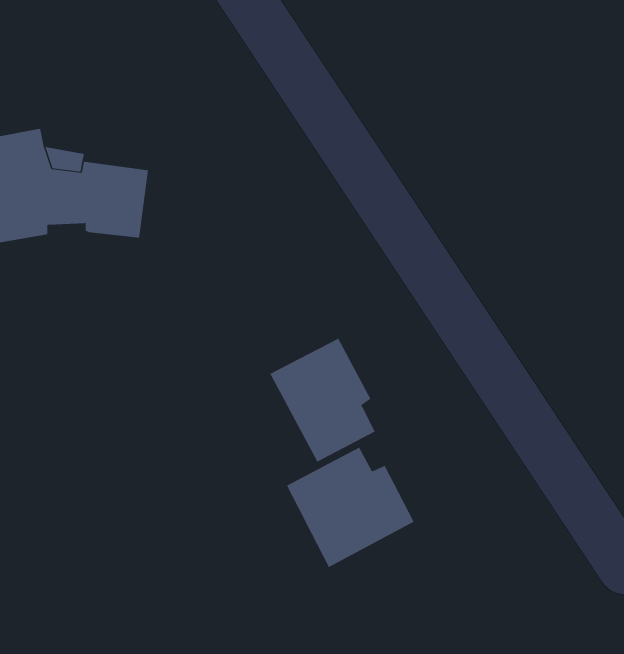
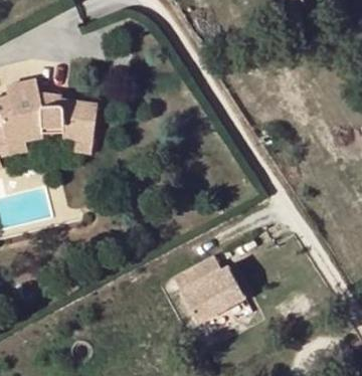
building: [270,338,376,462] -> none

